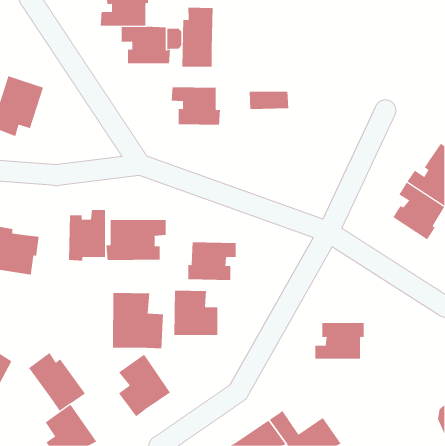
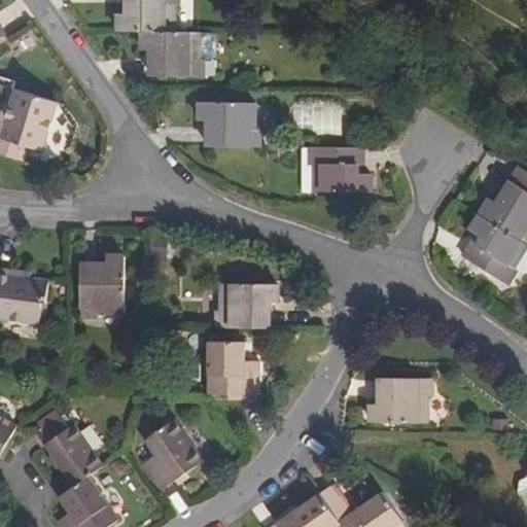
building: [182,7,213,67] -> none
building: none -> [311,147,370,192]
building: [106,219,166,261] -> none
building: [112,292,163,349] -> none

